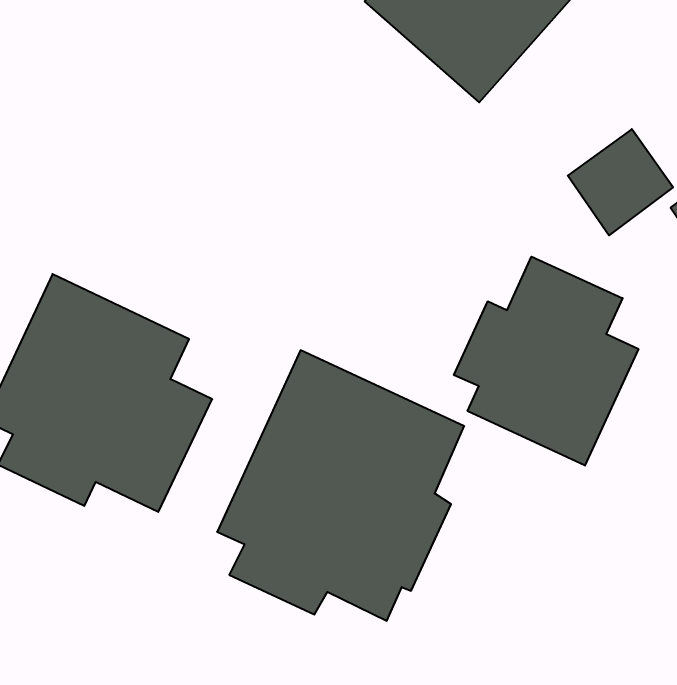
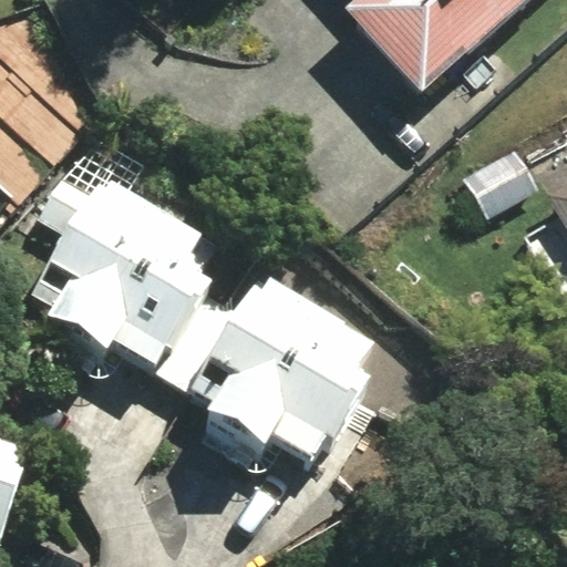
building: [454,257,638,466] -> none

